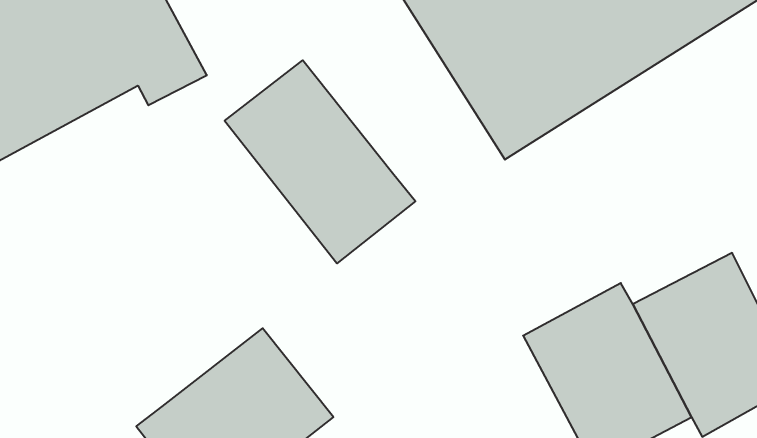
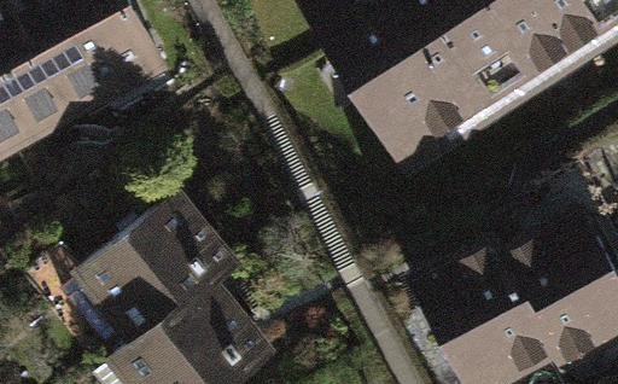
building: [225,60,415,263] -> none
building: none -> [77,198,237,349]

